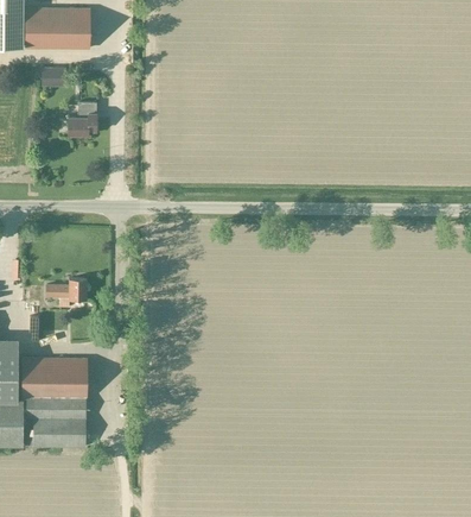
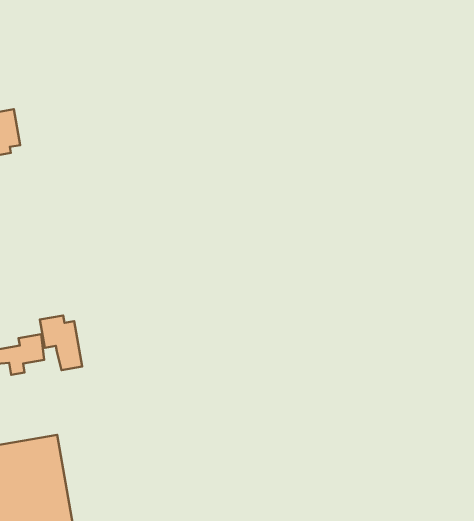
building: none -> [40,315,82,370]

